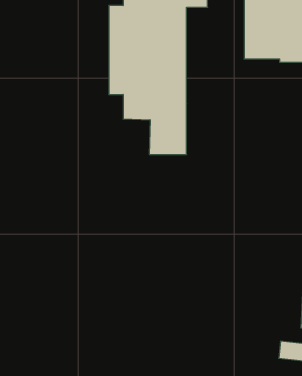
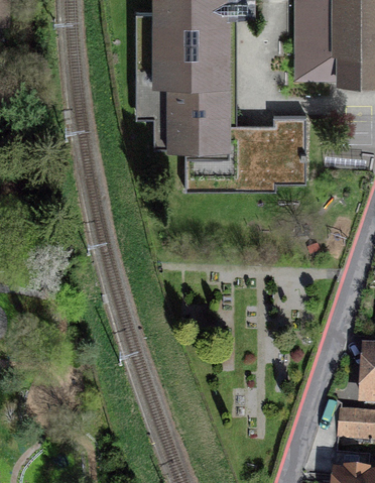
building: none -> [229,114,306,188]

